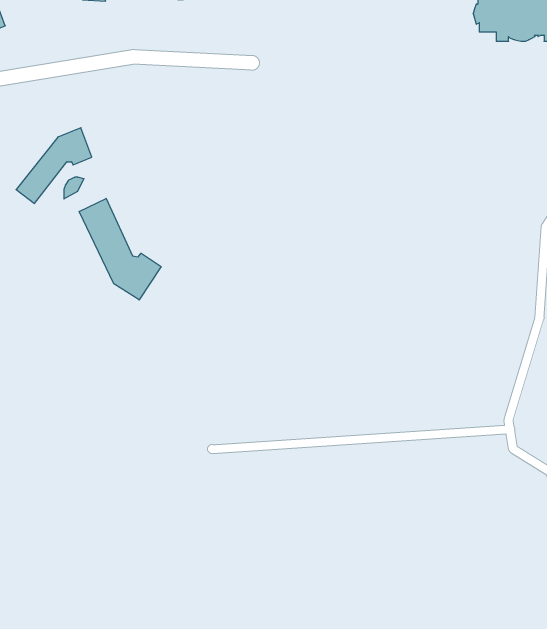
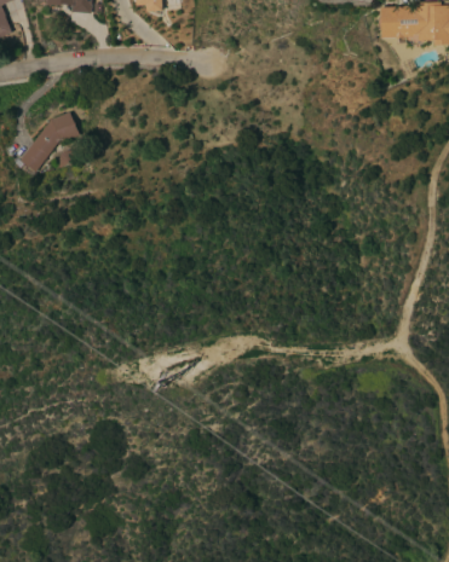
building: [79,198,161,300] -> none

